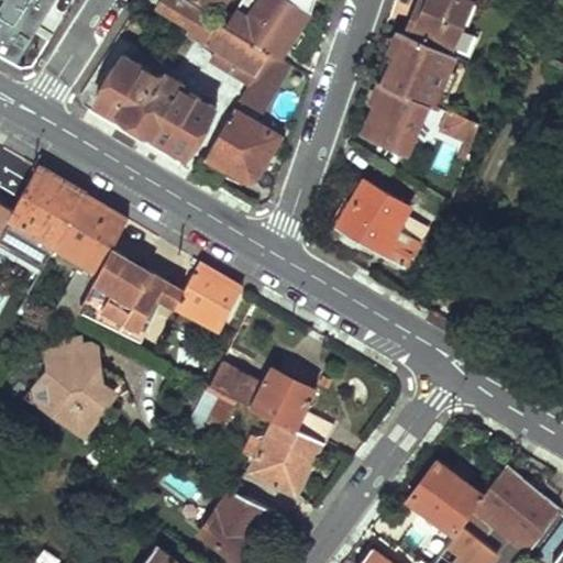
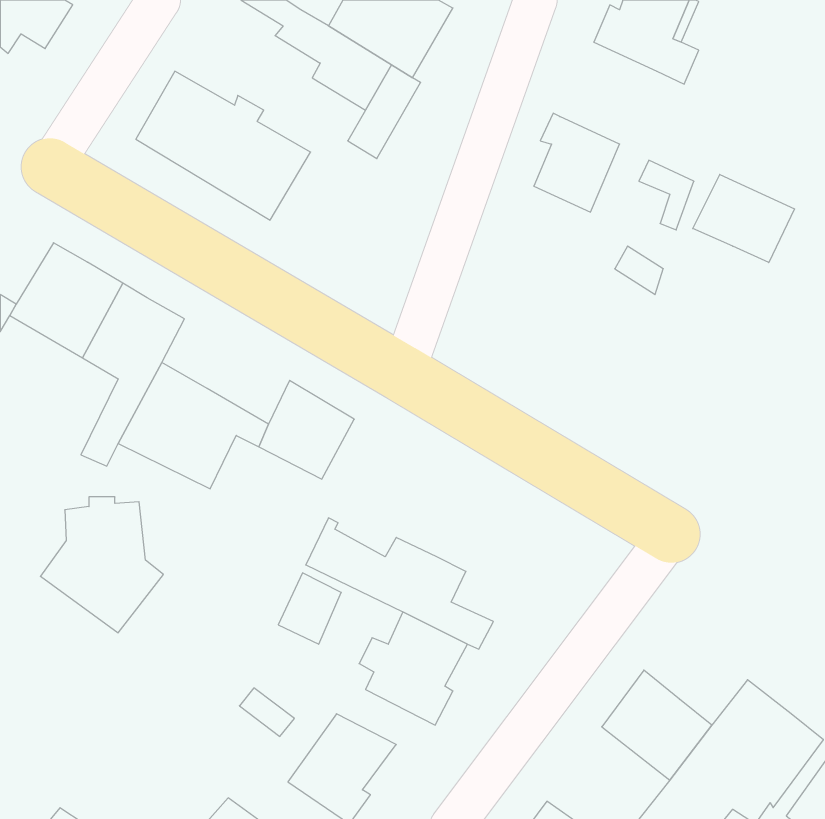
building: [382,32,448,106] -> none
building: [205,111,277,187] -> none
building: none -> [693,174,794,263]
building: [332,181,422,264] -> none

